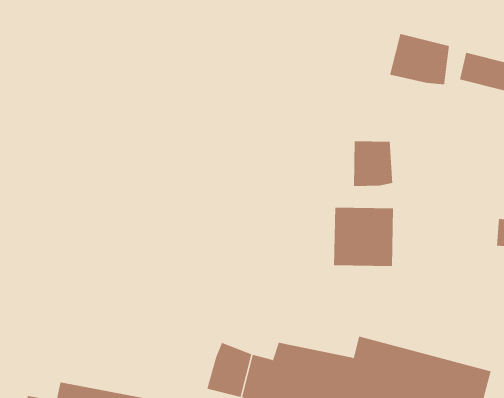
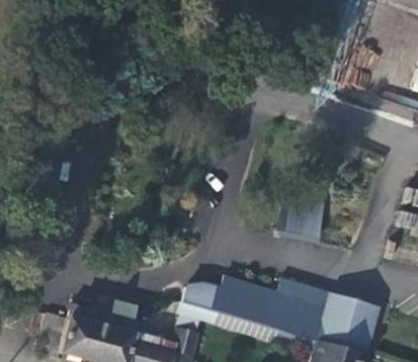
building: [390,33,450,85] -> none
building: [353,141,393,187] -> none

